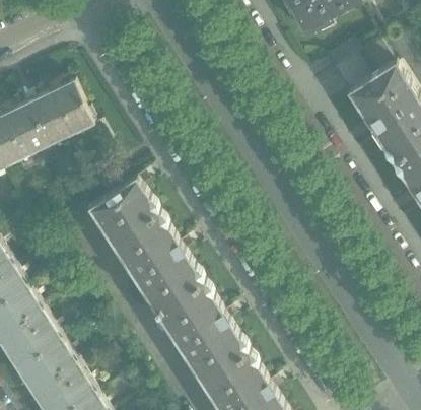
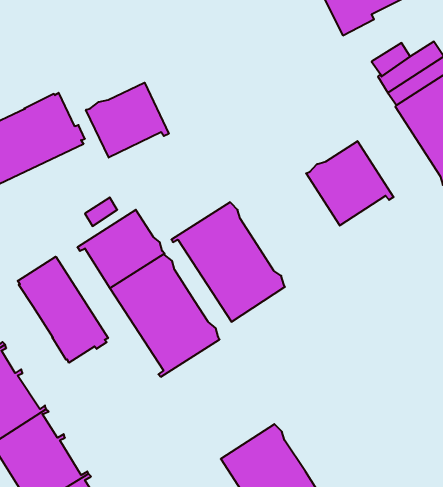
building: none -> [86,83,169,158]
building: none -> [306,141,394,226]
building: none -> [18,257,108,363]
building: [156,284,249,382] -> [171,202,285,322]

